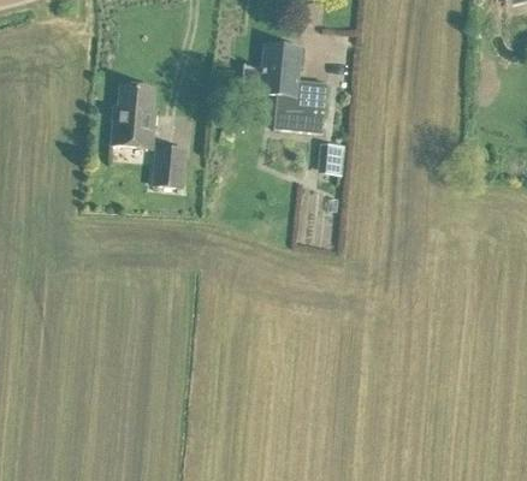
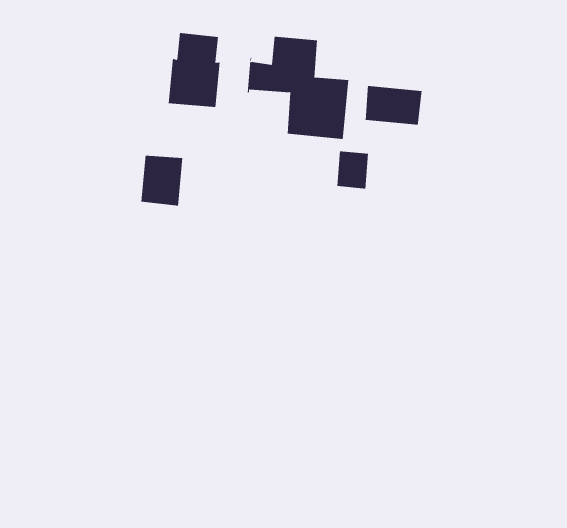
building: [111,83,155,147] -> [168,33,220,108]
building: none -> [365,85,422,126]

